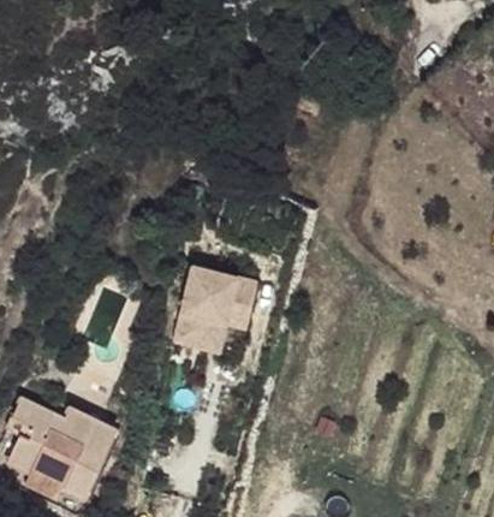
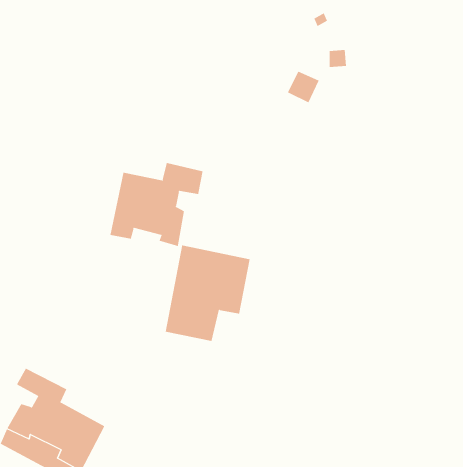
building: none -> [110,162,203,247]

